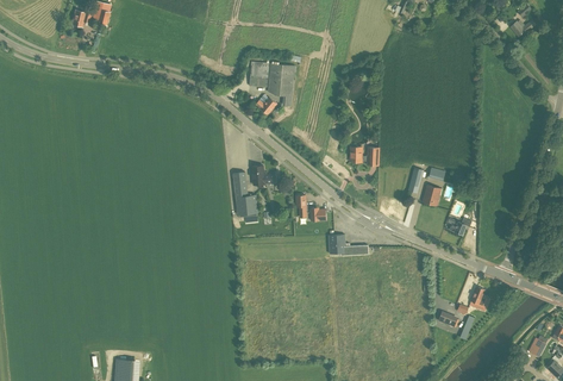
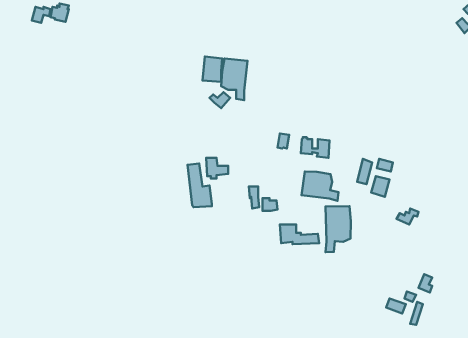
building: none -> [302,171,338,201]
building: none -> [326,206,351,252]

